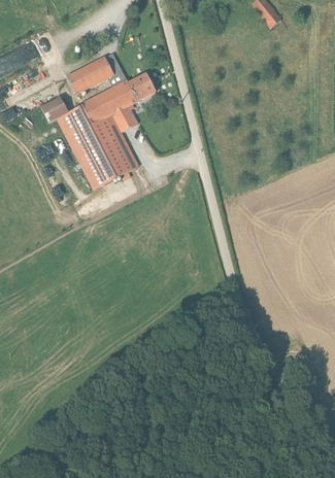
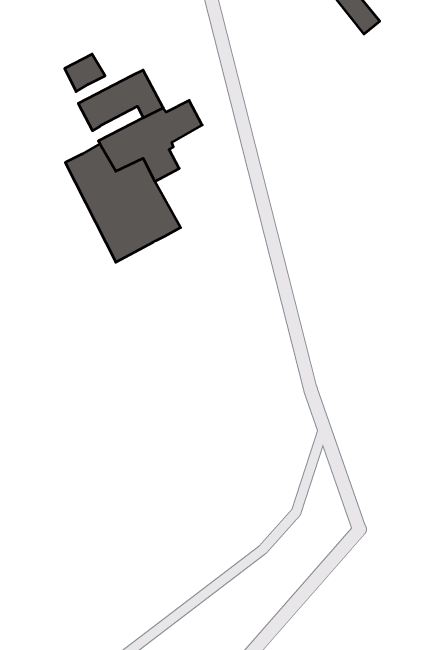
building: [40,97,69,124] -> [65,54,105,92]

